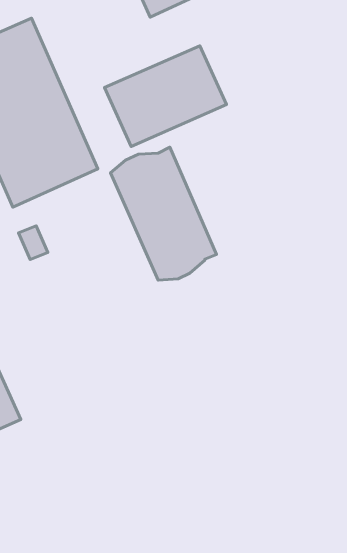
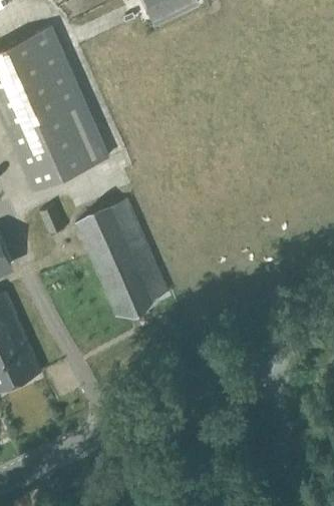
building: [104,46,226,146] -> none
building: [110,147,217,280] -> [77,202,169,317]

